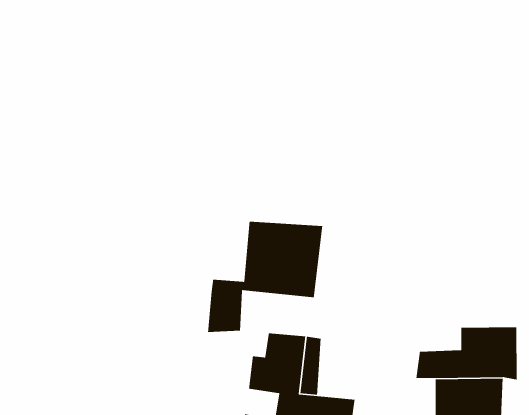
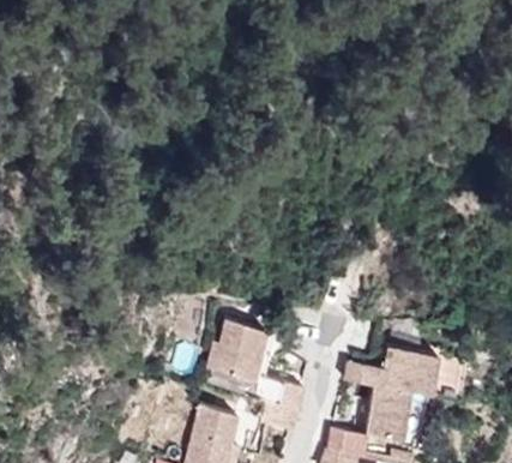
building: [207,221,323,333] -> none

